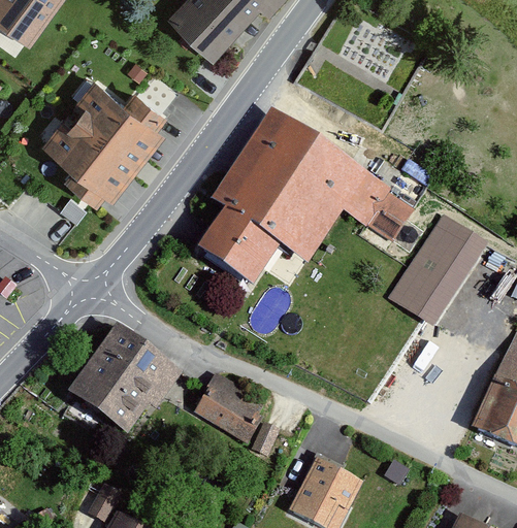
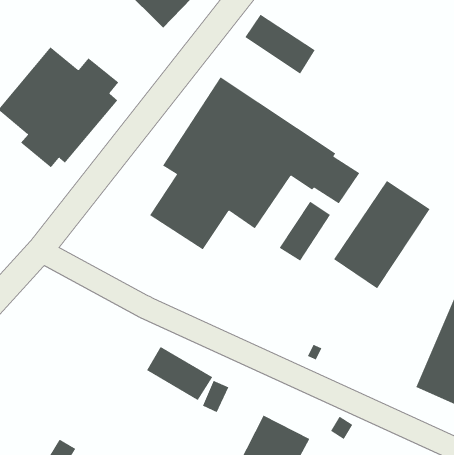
building: none -> [245,14,316,74]
building: none -> [279,201,331,261]
building: [68,326,183,435] -> none

